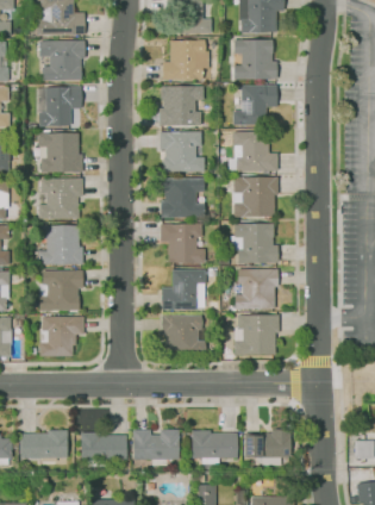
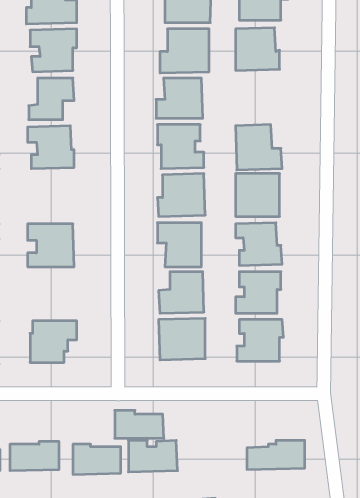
building: [233,83,279,123] -> none
building: [38,177,82,218] -> none
building: [39,270,83,311] -> none
building: [192,430,238,456] -> [115,410,164,438]

